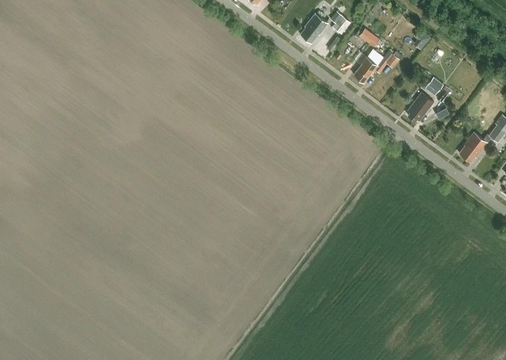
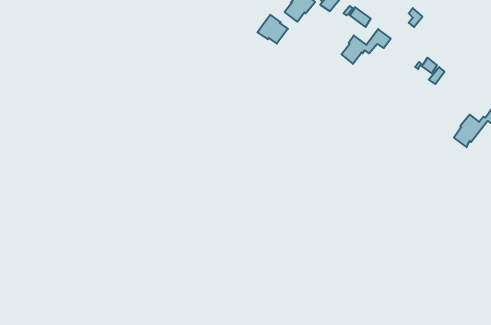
building: none -> [257,15,288,44]
building: [407,92,434,121] -> none

